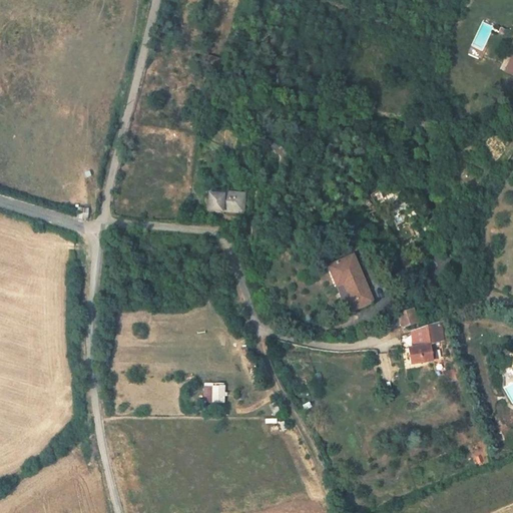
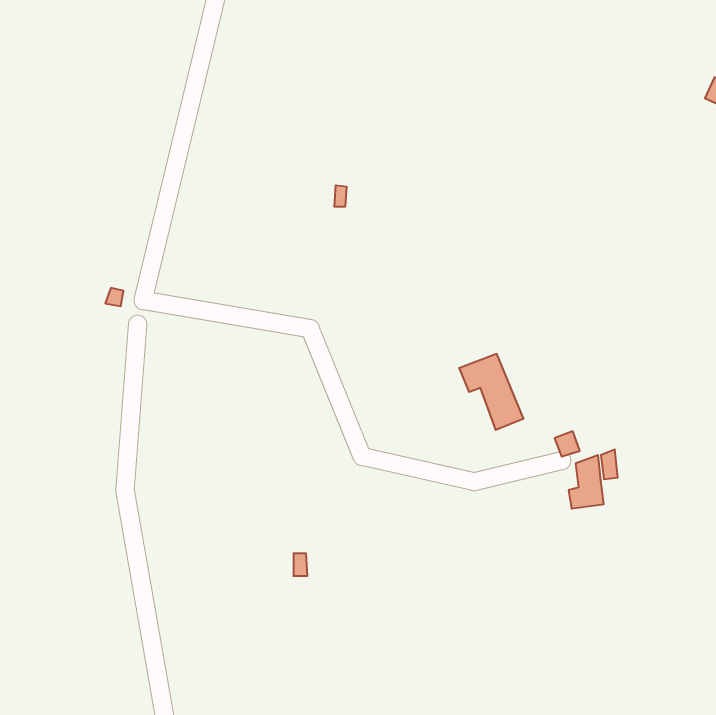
building: [207,192,243,212] -> none

